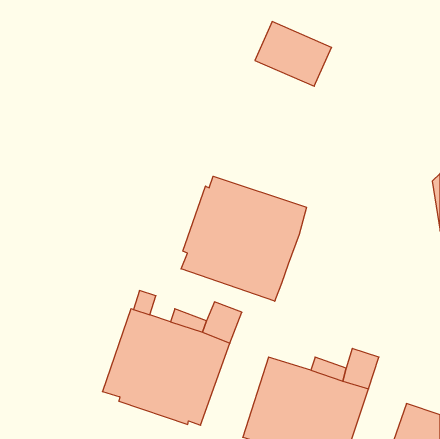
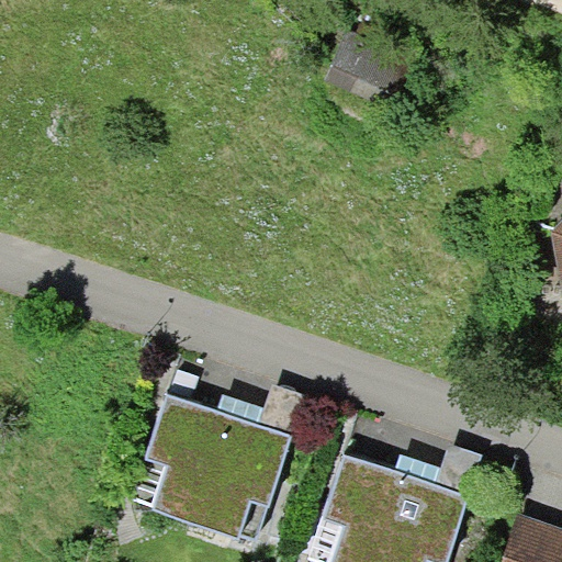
building: [181,176,307,301] -> none

